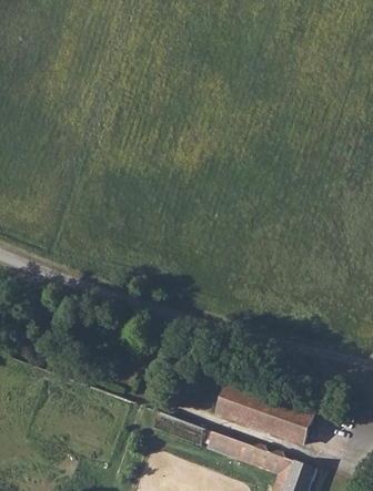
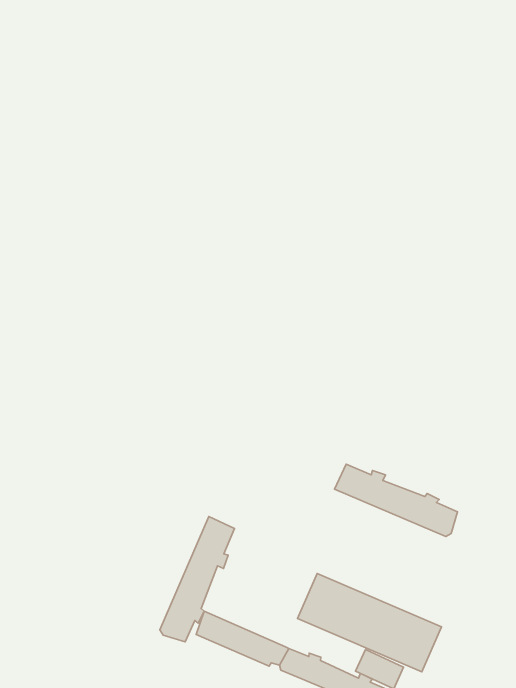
building: none -> [335,464,457,537]
building: none -> [160,516,234,642]

